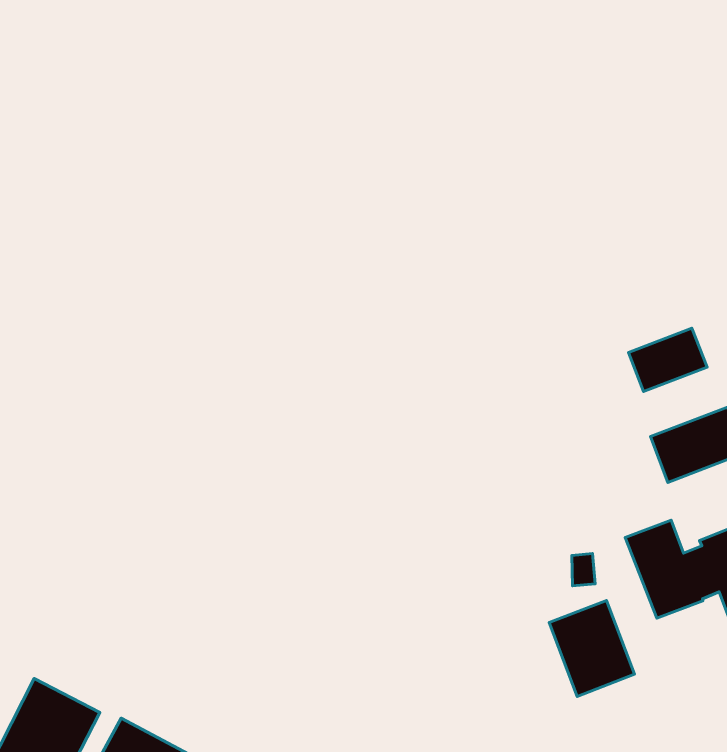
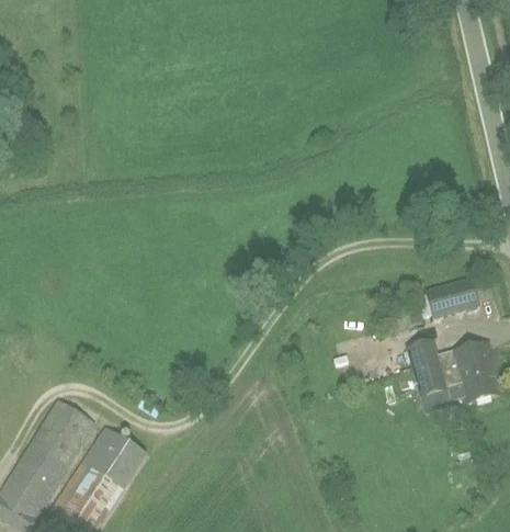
building: [628,328,707,391] -> none
building: [549,600,635,696] -> none

